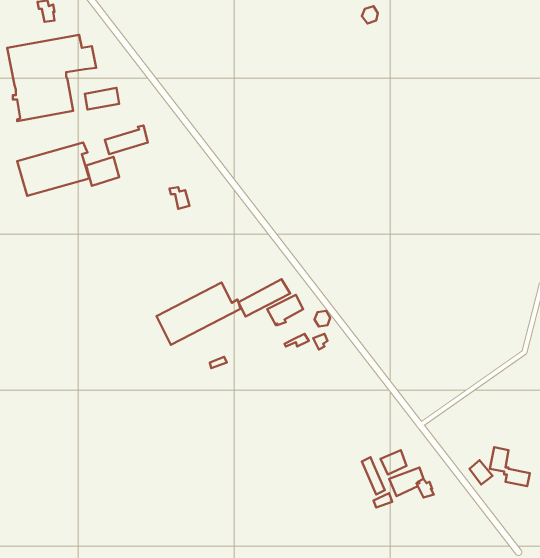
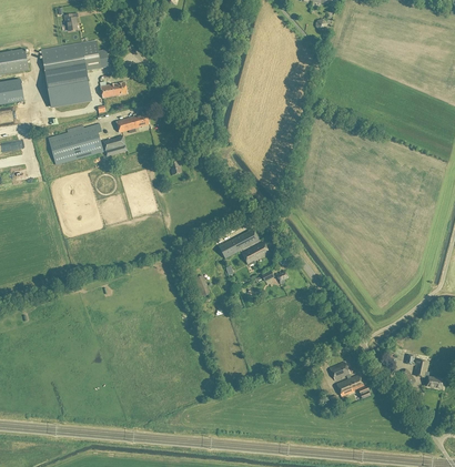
building: [157,283,241,345] -> none

